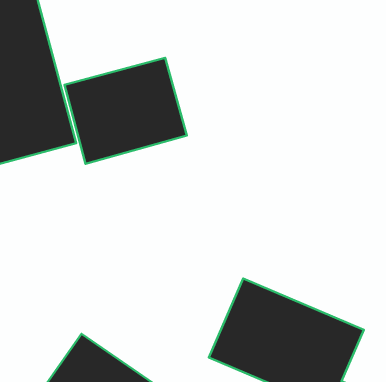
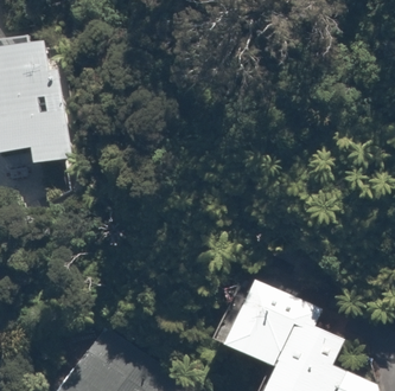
building: [64,58,187,164] -> none

